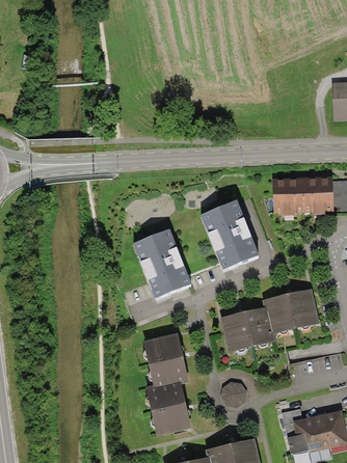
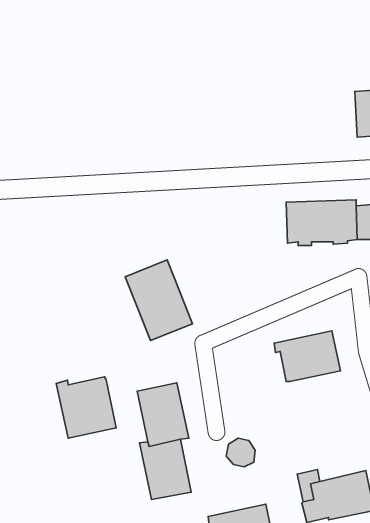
building: [199,198,259,269] -> none
building: [219,306,276,351] -> none
building: none -> [56,377,116,438]

